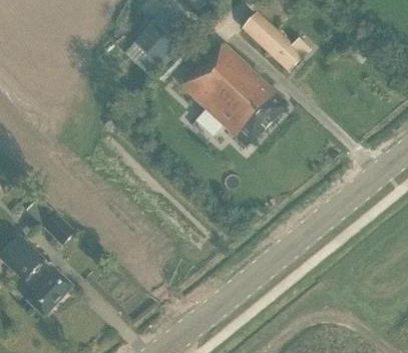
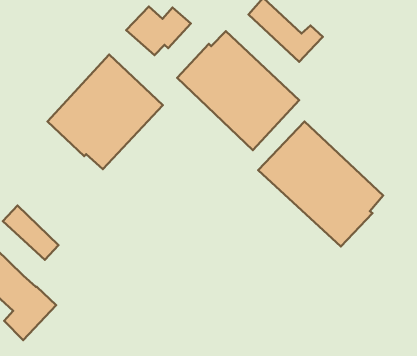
building: none -> [48,54,163,169]
building: none -> [258,121,383,247]

